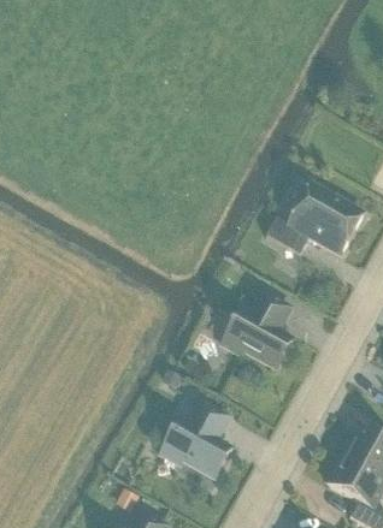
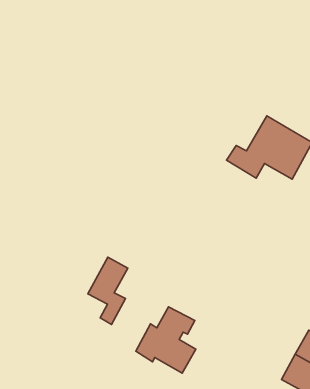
building: [222,291,291,368] -> none
building: none -> [88,257,128,324]

